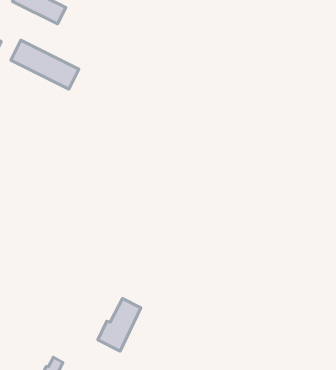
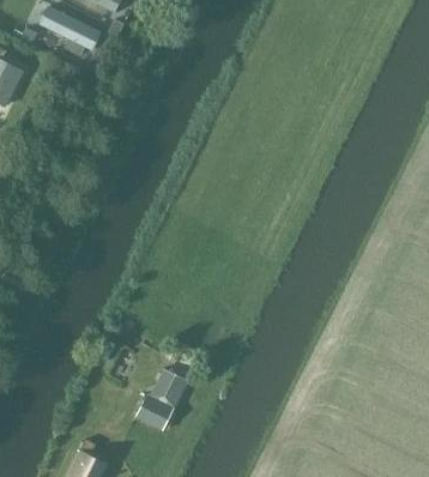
building: [11,40,79,89] -> none

